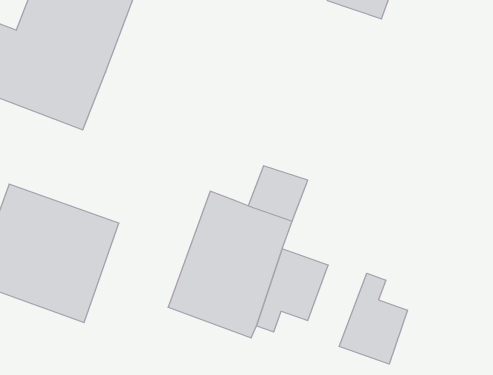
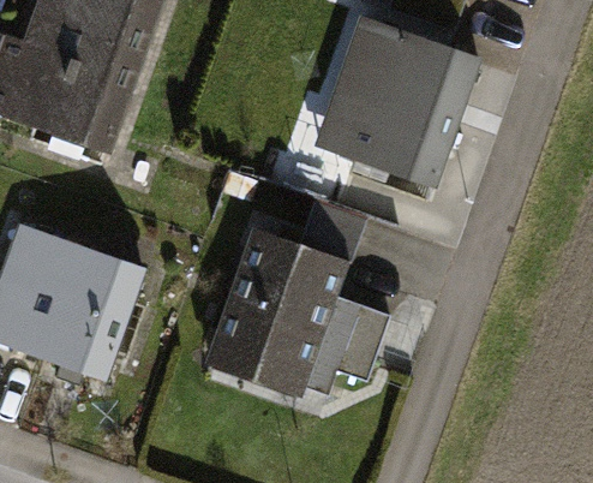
building: none -> [315,18,478,186]
building: [339,273,407,364] -> none

